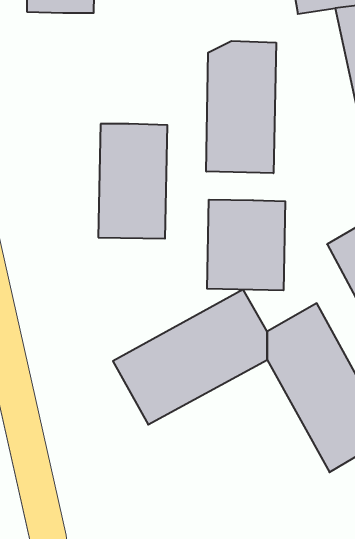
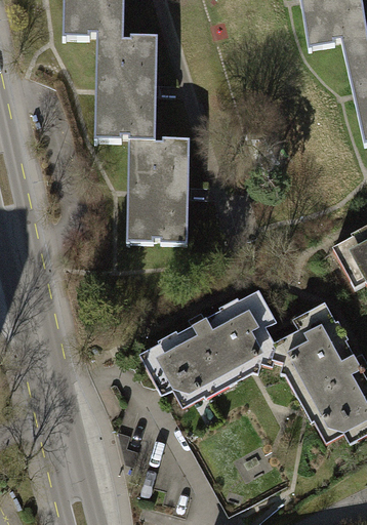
building: none -> [94,39,157,139]
building: [206,41,276,173] -> none
building: [207,200,285,290] -> none

